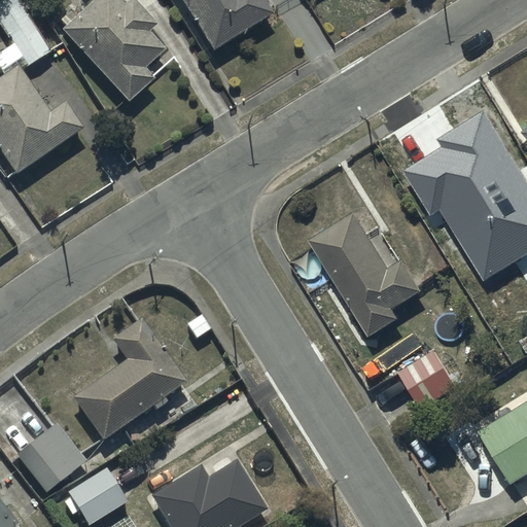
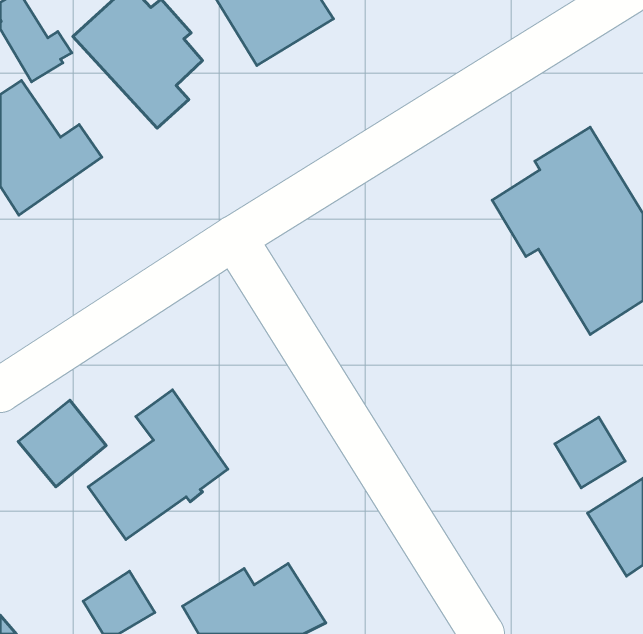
building: [311,212,423,339] -> none
building: [399,350,457,408] -> [555,417,625,488]
building: [13,422,85,493] -> [18,400,106,487]

